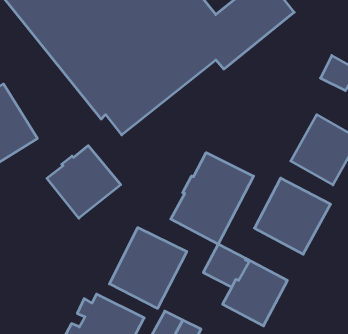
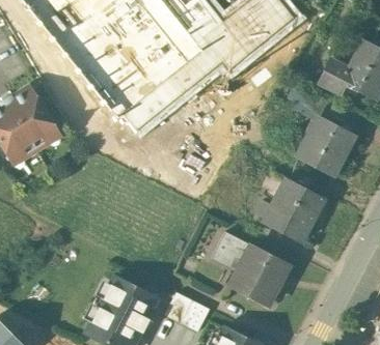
building: [47,146,121,218] -> none
building: [171,153,254,244] -> none
building: [109,228,187,308] -> none

